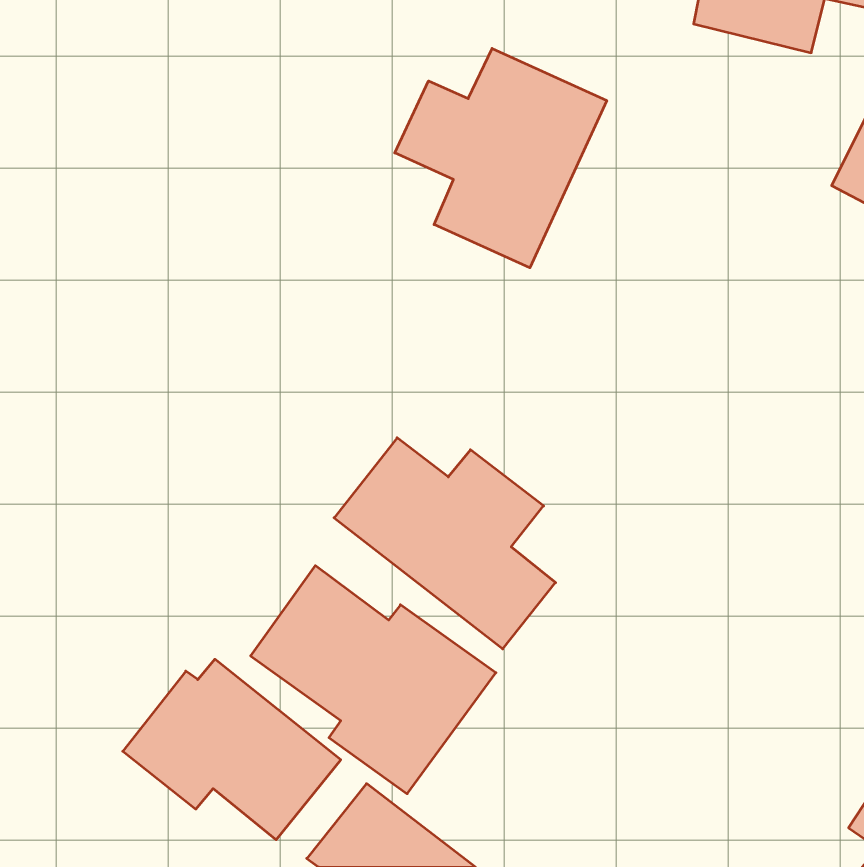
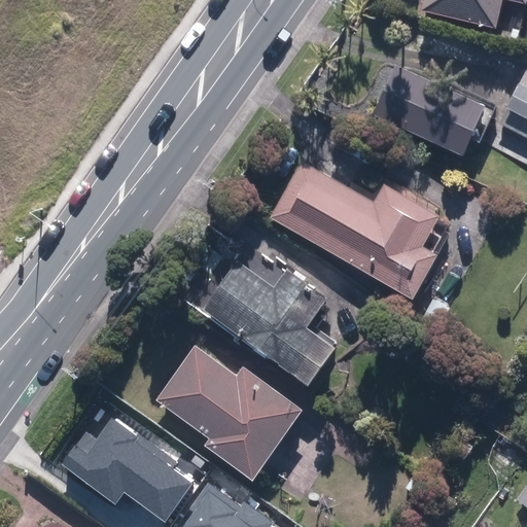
building: [395,48,607,268] -> none
building: none -> [373,65,489,159]
building: none -> [270,161,442,295]

